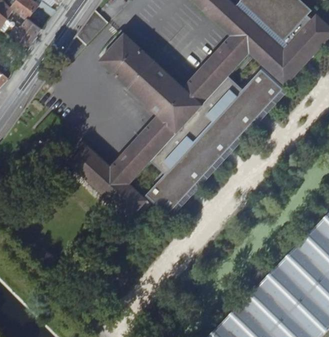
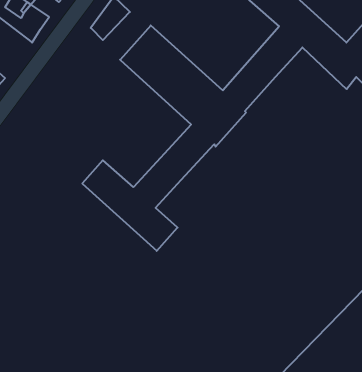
building: [145,70,280,214] -> none

